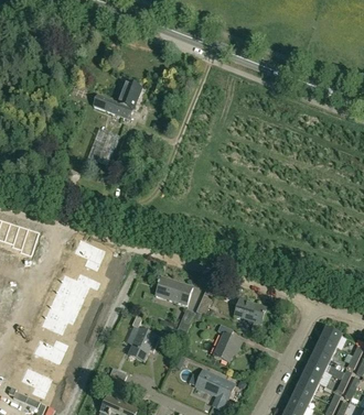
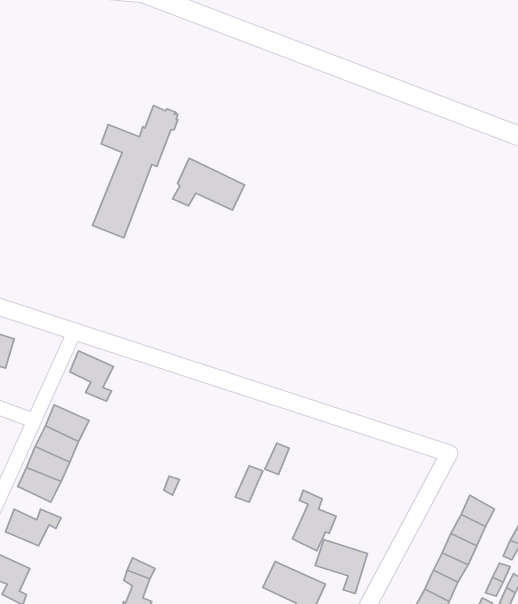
building: none -> [173,158,244,210]
building: [156,276,193,305] -> none
building: [233,298,266,332] -> [315,539,367,593]
building: [128,328,160,361] -> none

